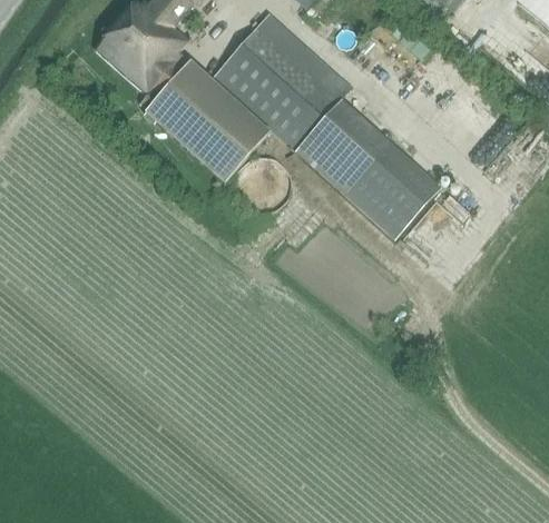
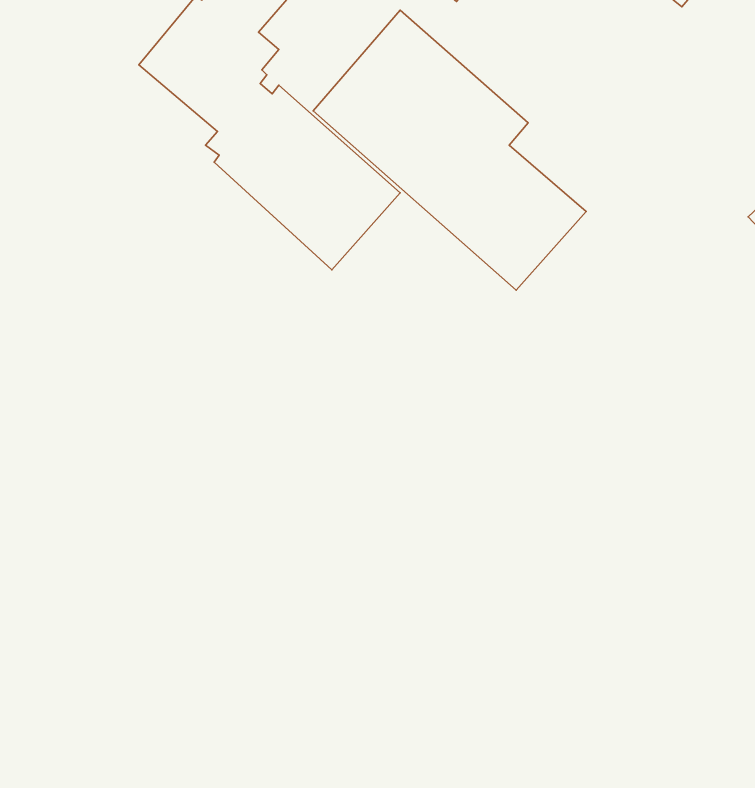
building: [344,142,440,237] -> none

